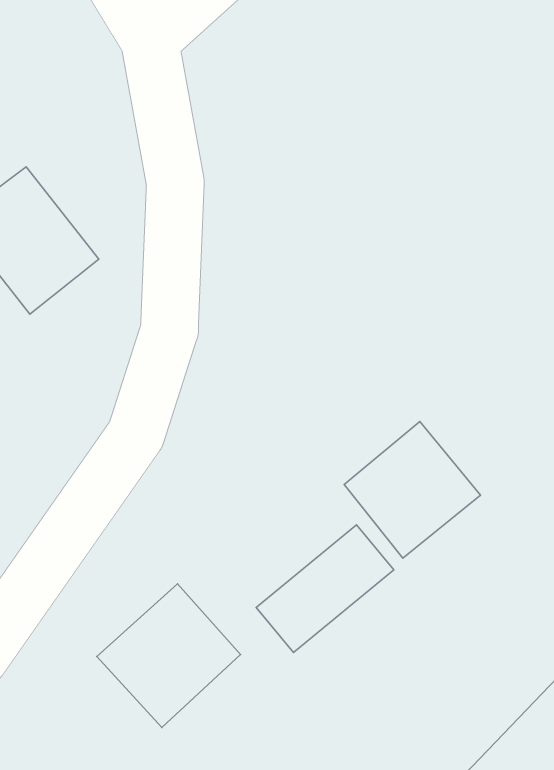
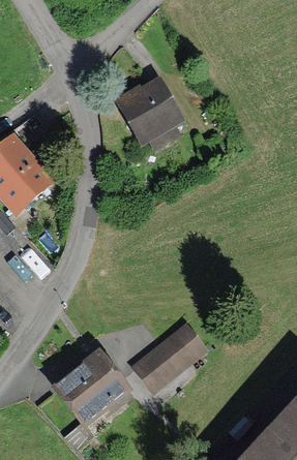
building: none -> [117,80,182,146]
building: [344,421,480,558] -> none

